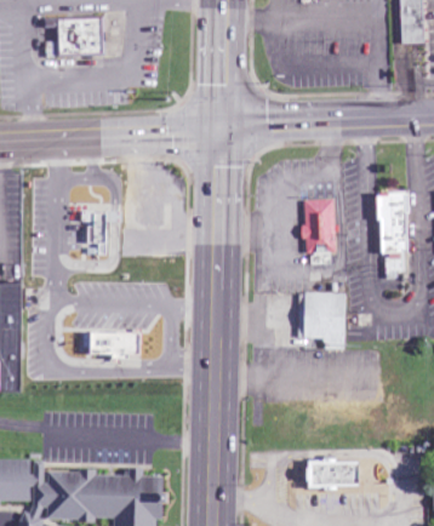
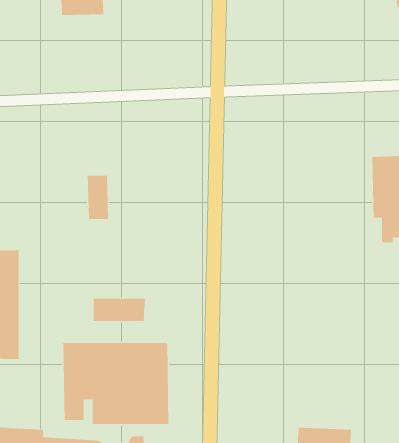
building: [301,198,335,252] -> none
building: [301,291,346,348] -> none
building: none -> [63,342,169,425]

